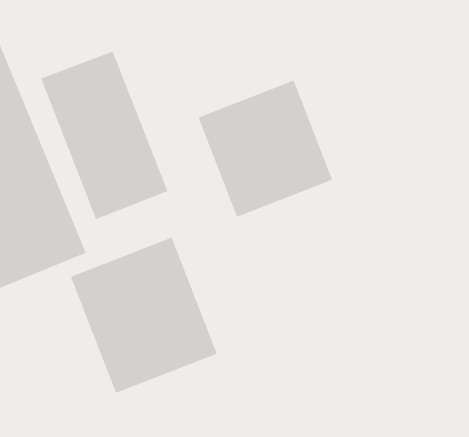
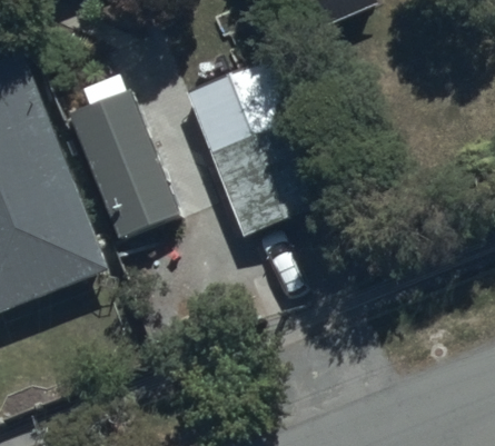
building: [70,237,218,394] -> none

